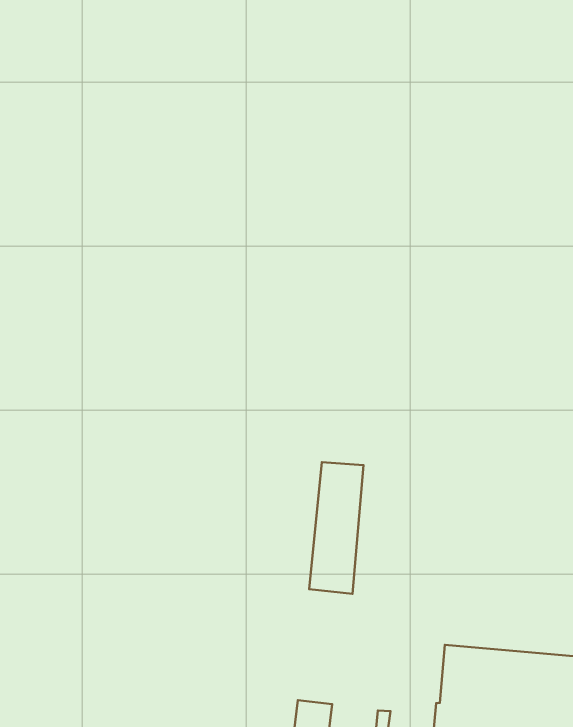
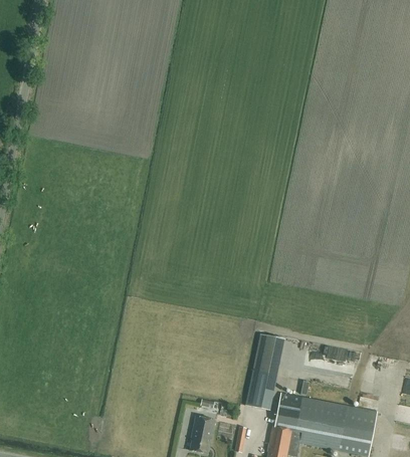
building: [309,462,364,594] -> [246,333,283,409]

